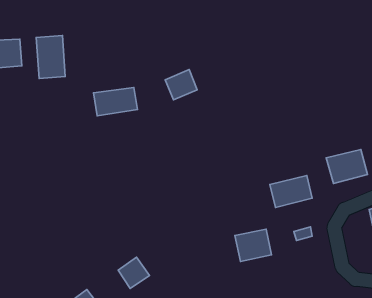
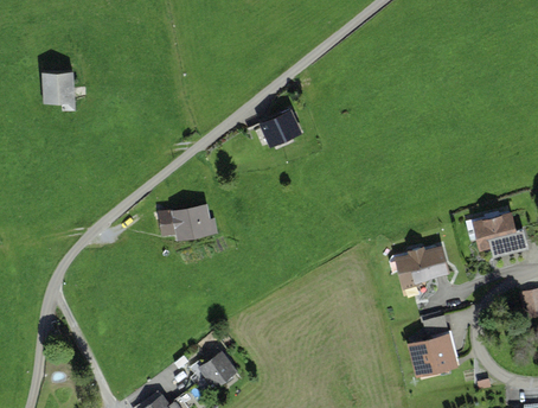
building: [36,35,65,79] -> none
building: [94,87,138,116] -> [156,205,213,242]
building: [235,229,272,261] -> [410,336,457,377]

